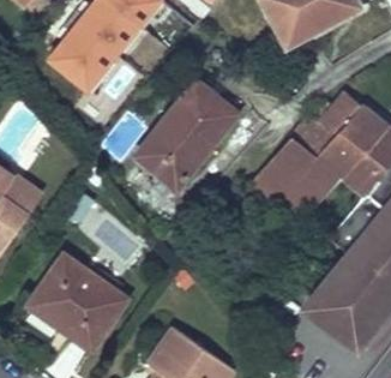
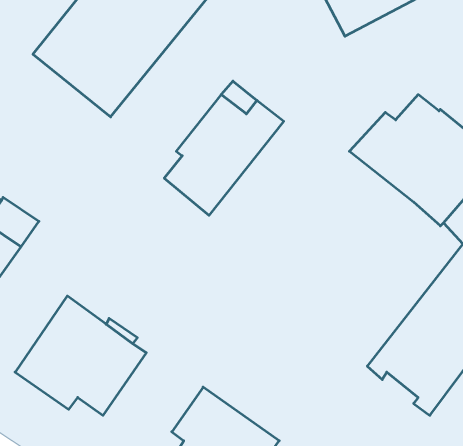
building: [245,138,341,229] -> none

